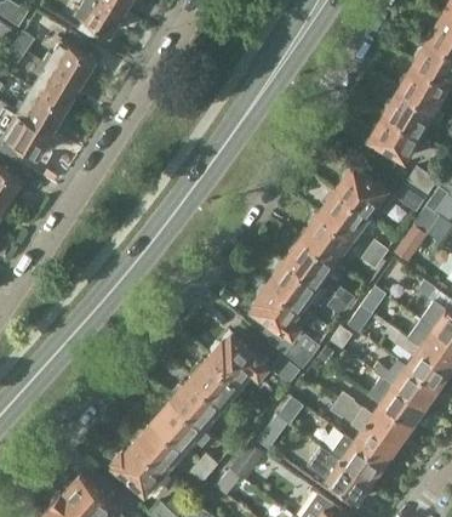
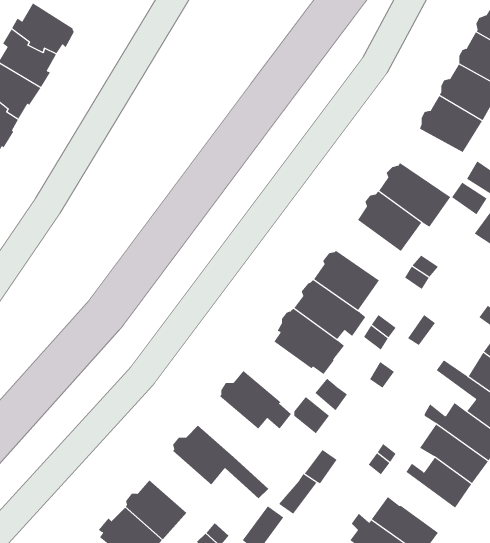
building: [303,215,355,263] -> none
building: [193,356,241,404] -> none
building: [154,399,210,449] -> none
building: [351,416,399,465] -> none

